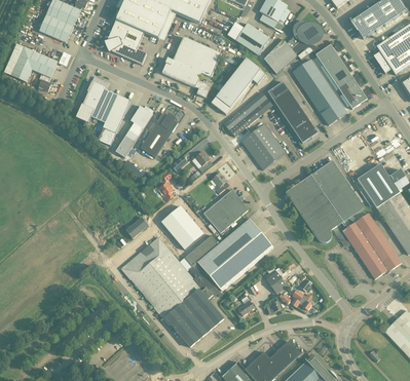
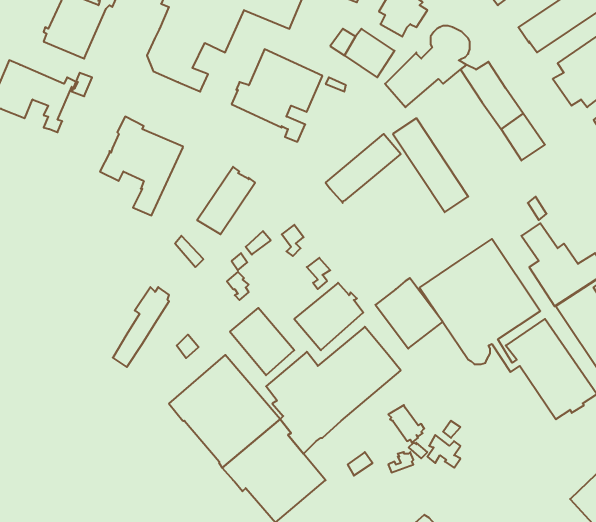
building: [211,58,265,114] -> none
building: [292,59,346,124] -> none
building: [115,105,152,157] -> [113,287,169,367]
building: [240,123,285,169] -> [375,278,443,349]

